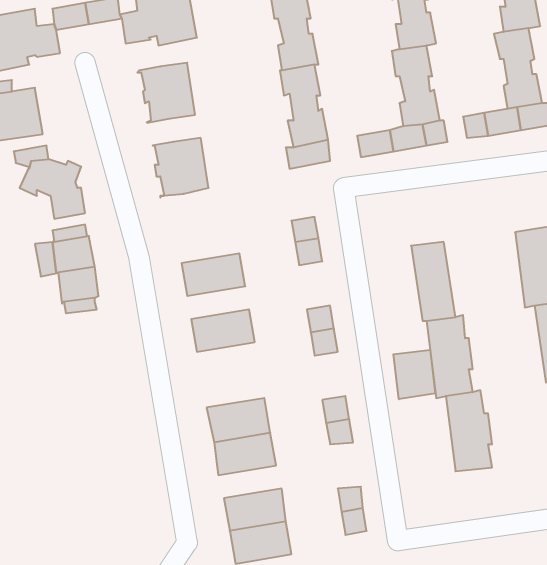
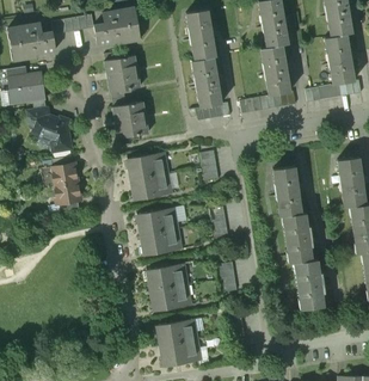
building: none -> [128,152,167,179]
building: none -> [141,228,180,254]
building: [393,350,435,399] -> none

